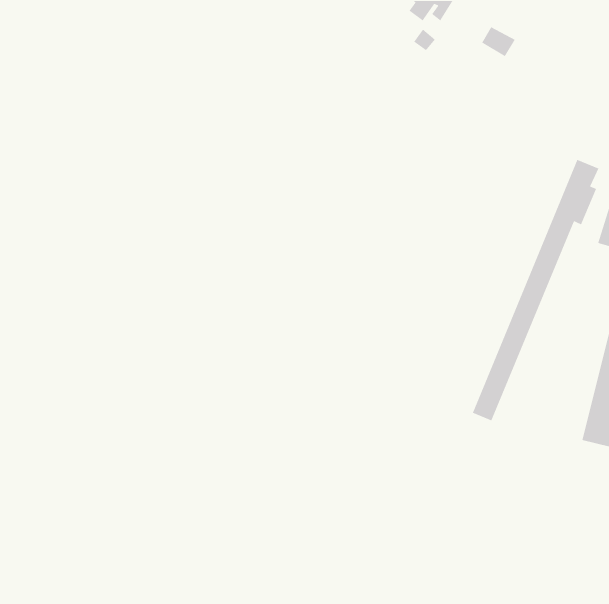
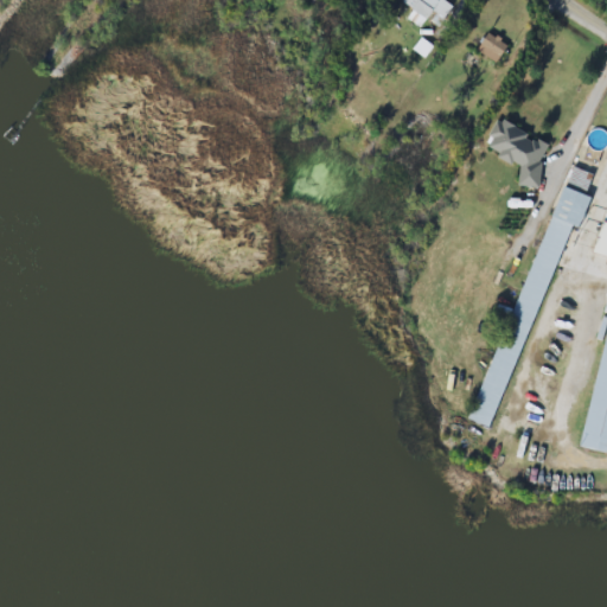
building: none -> [490,117,550,185]

